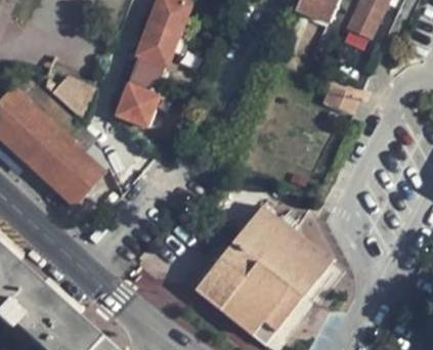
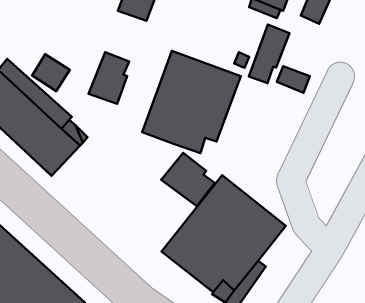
building: [133,23,179,79] -> none
building: none -> [249,24,290,83]
building: none -> [142,51,241,153]
building: none -> [161,153,215,206]

